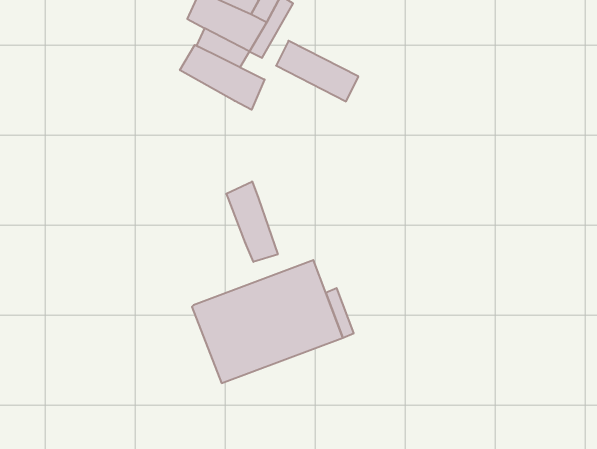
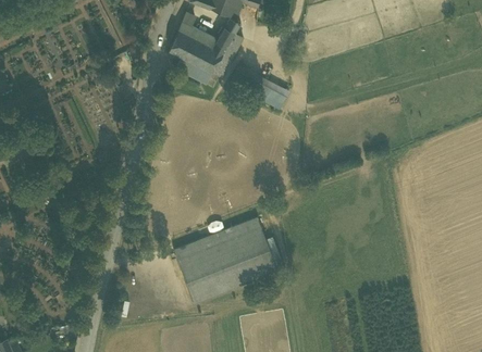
building: [180,45,265,110] -> none
building: [226,181,278,262] -> none

